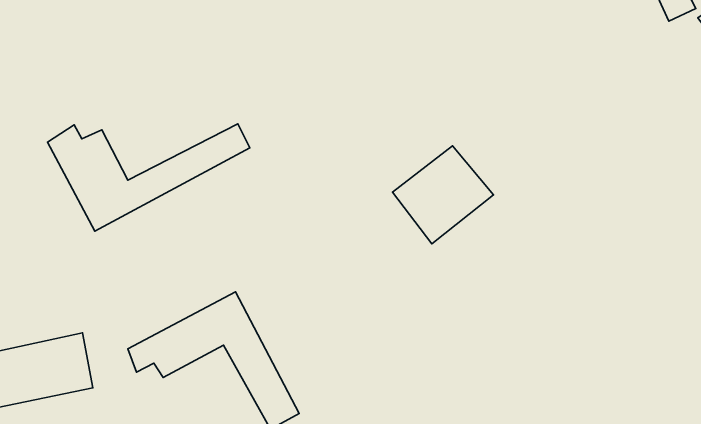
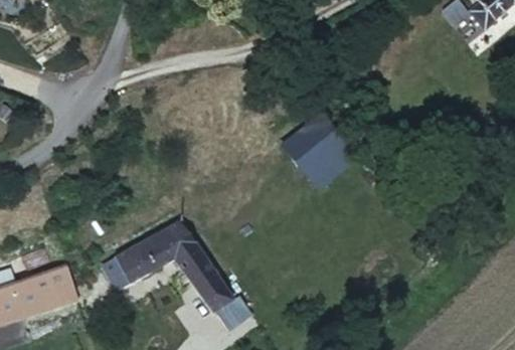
building: [48,124,250,231] -> none

